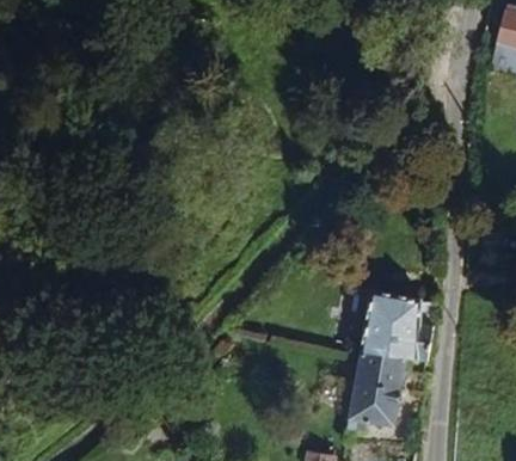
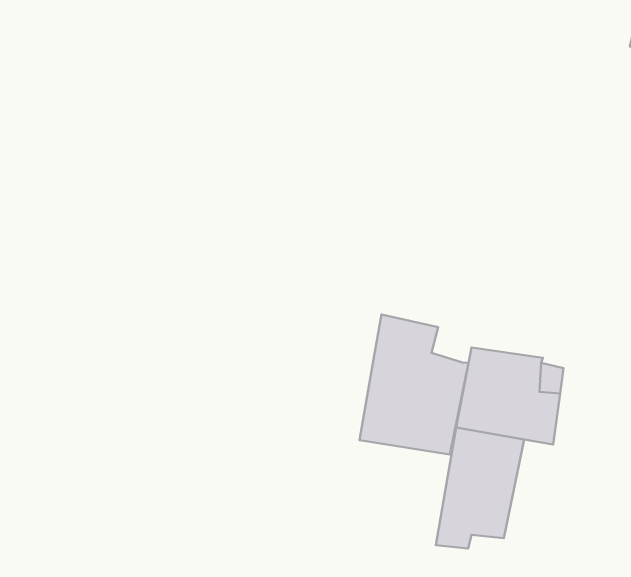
building: none -> [359,314,469,454]

